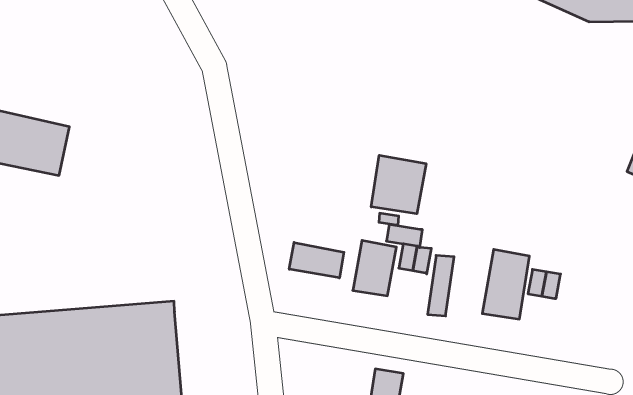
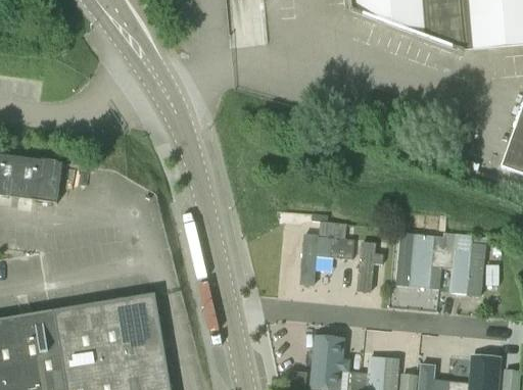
building: [371,155,426,214] -> none
building: [289,242,344,278] -> none
building: none -> [458,244,481,297]

